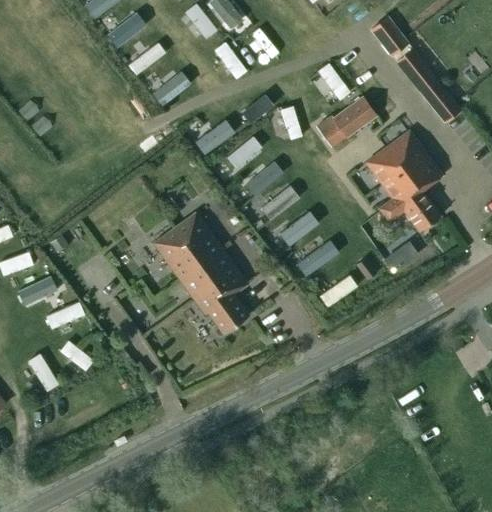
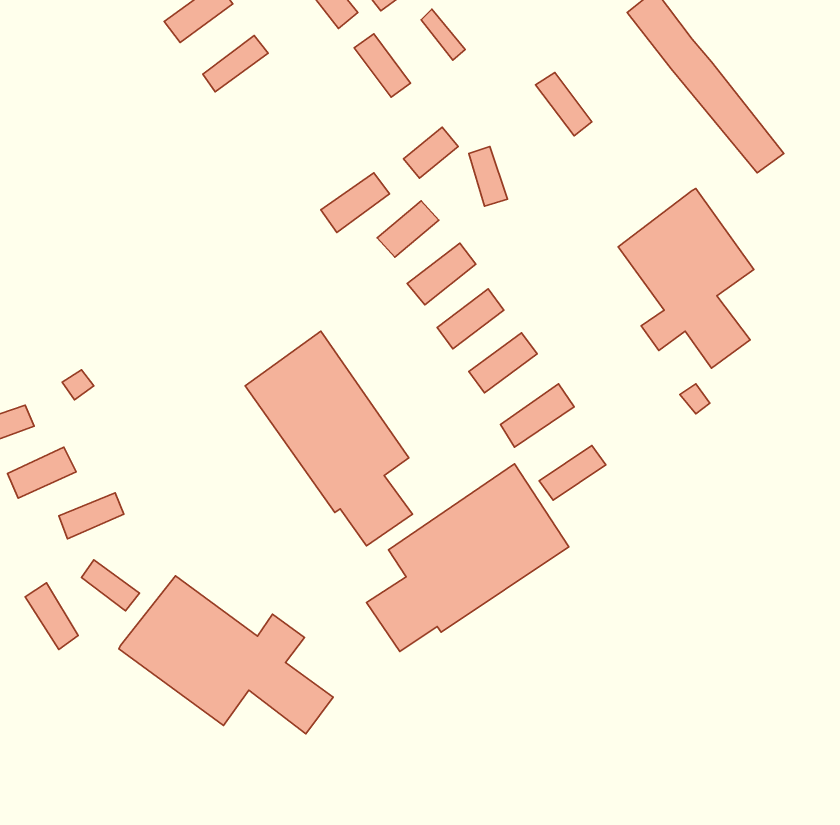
building: [153,71,191,106] -> none
building: [316,98,374,146] -> none
building: none -> [366,464,569,651]
building: none -> [119,576,333,734]

